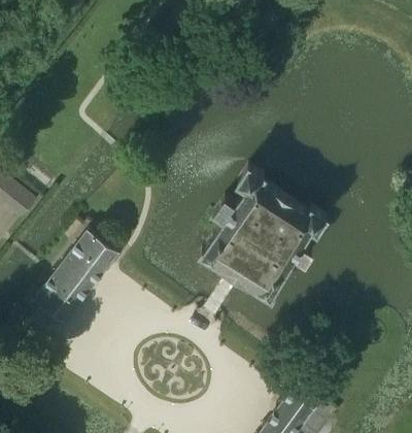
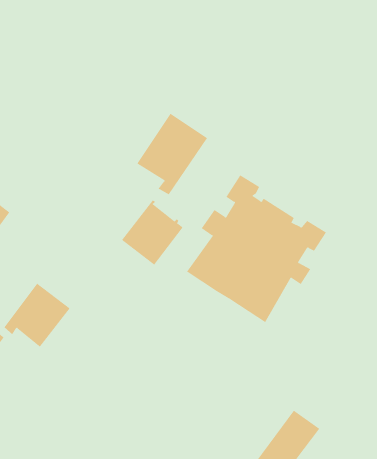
building: none -> [137,113,208,195]
building: [61,227,118,288] -> [121,200,184,265]

